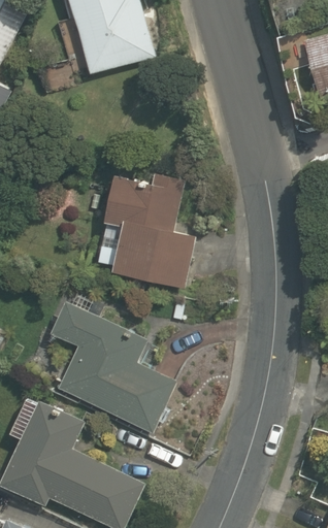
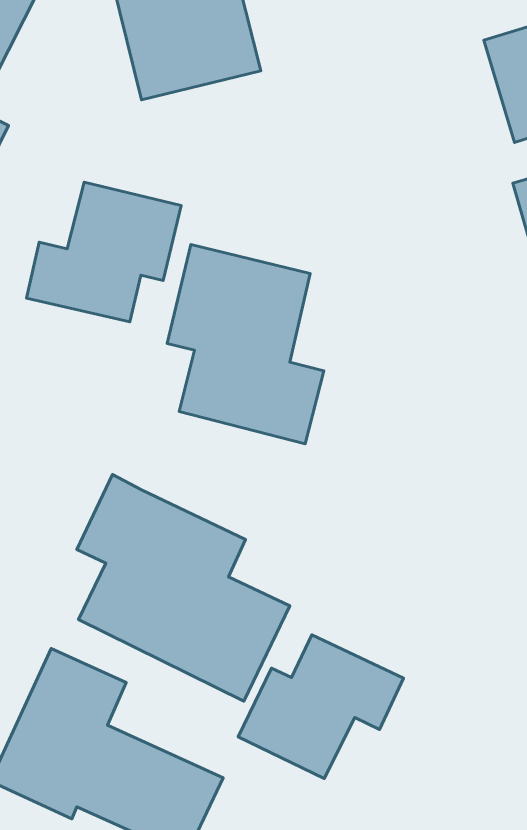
building: none -> [26,182,181,322]
building: none -> [238,635,404,779]

